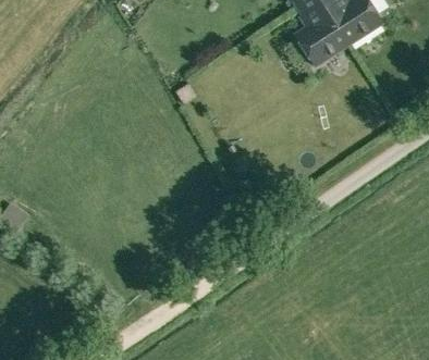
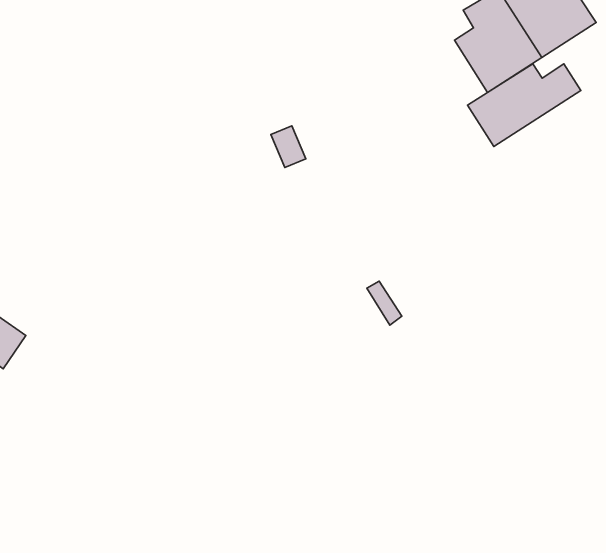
building: none -> [467,64,581,147]

